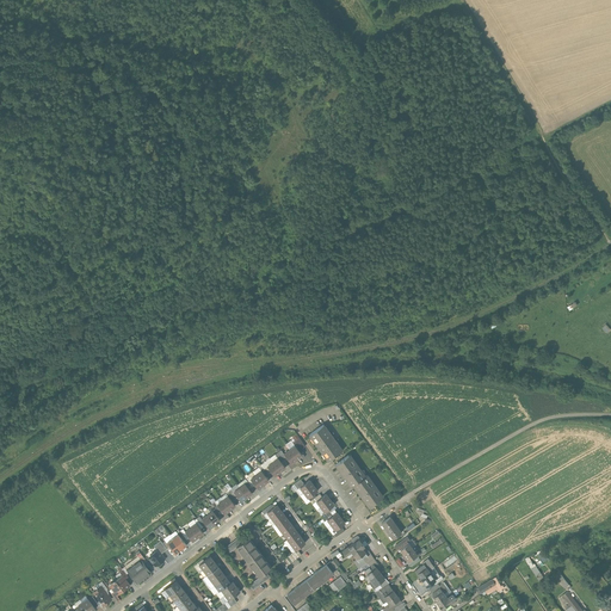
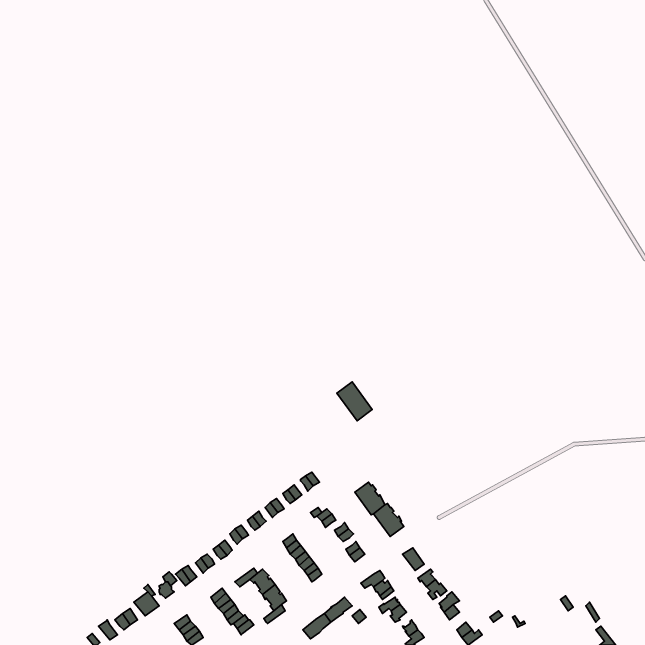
building: [309,425,342,462] -> [337,382,372,421]

